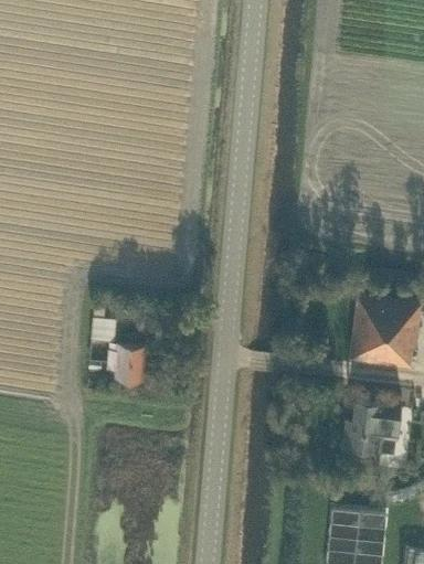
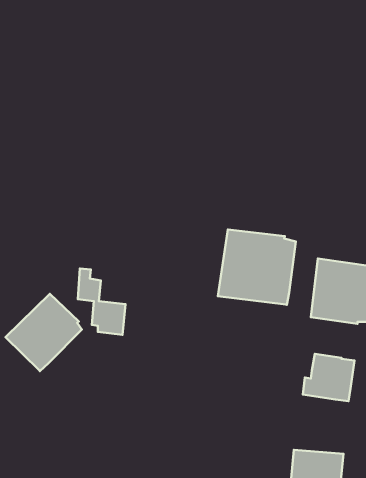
building: none -> [218,229,296,305]
building: none -> [5,294,82,371]

